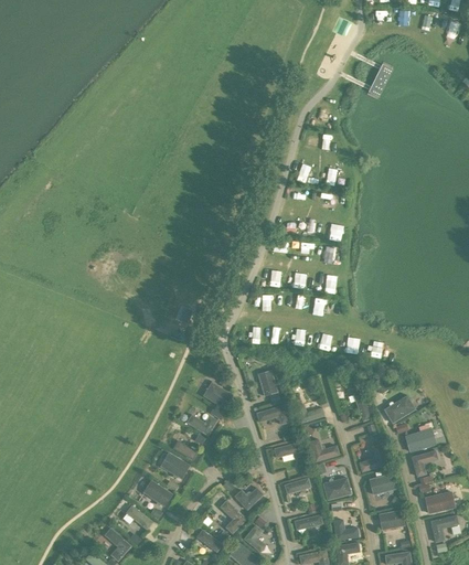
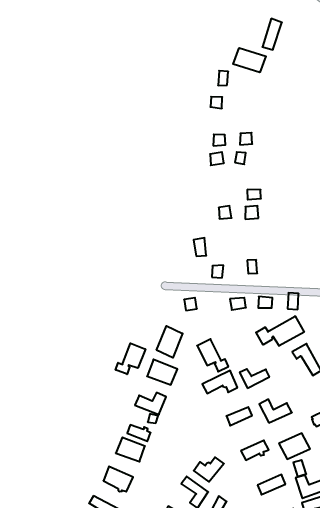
building: none -> [233,48,266,72]
building: none -> [157,326,183,358]
building: none -> [256,316,304,346]
building: none -> [116,343,145,374]

